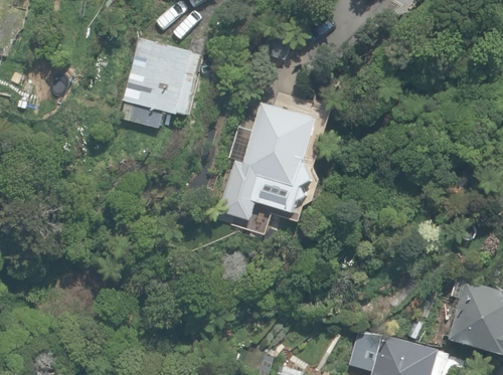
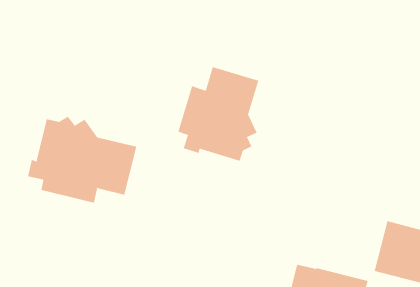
building: [123,40,202,130] -> none
building: none -> [27,116,137,204]

